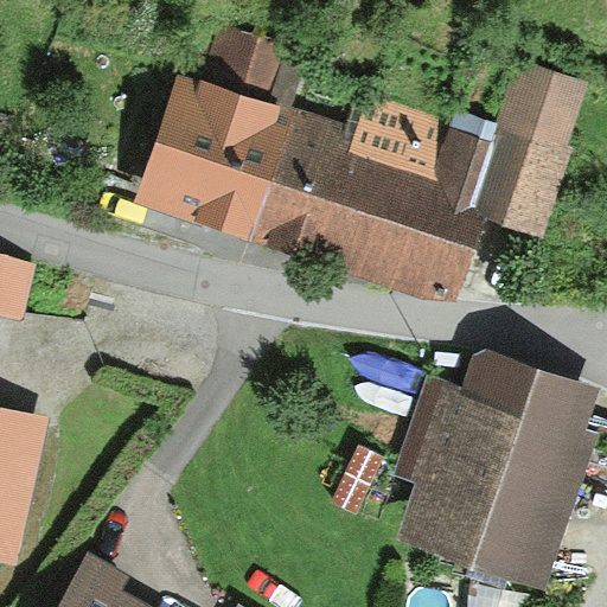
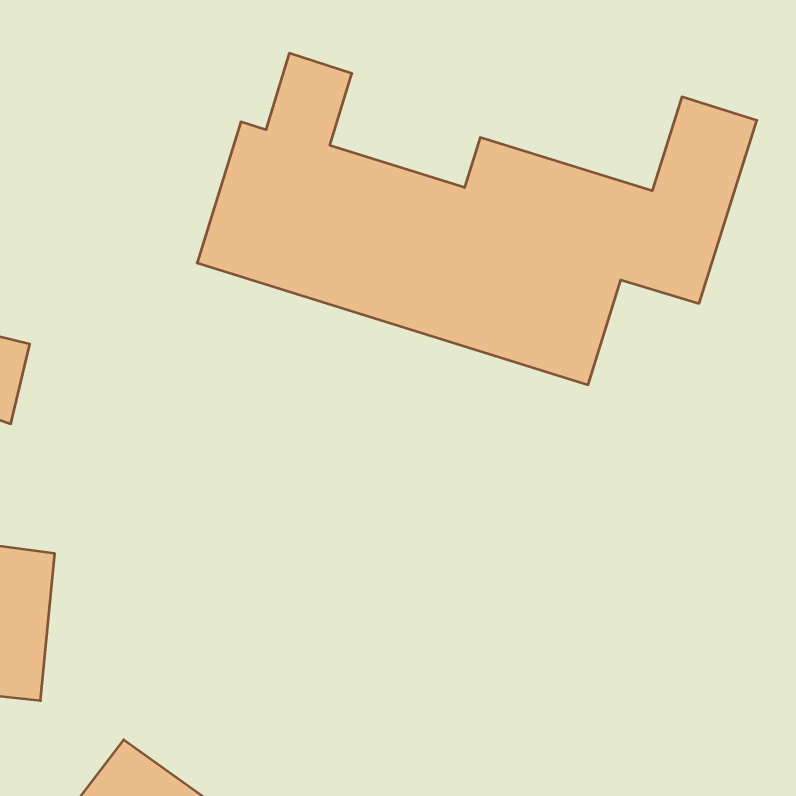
building: [398,362,594,573] -> none

